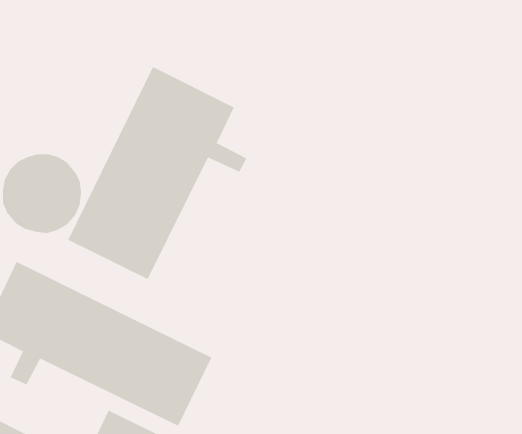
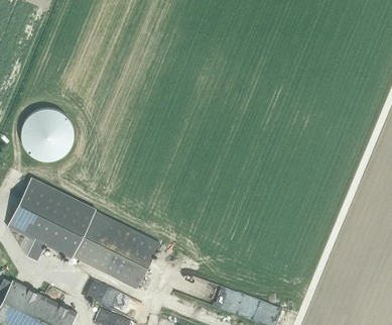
building: [67,66,247,280] -> none

